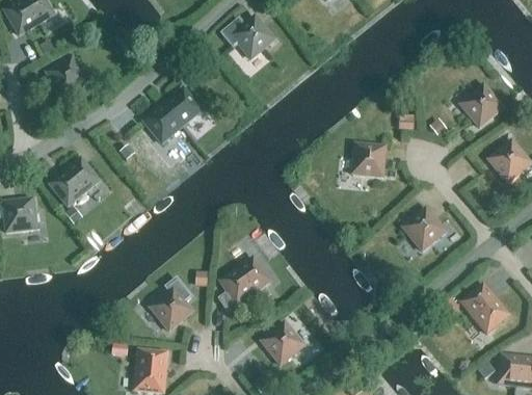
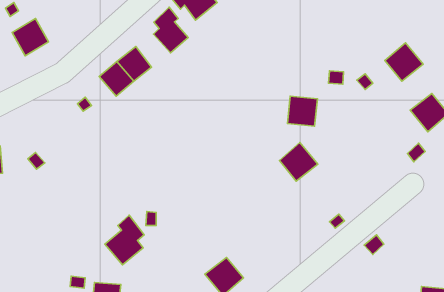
building: none -> [153,7,188,53]
building: [49,158,98,206] -> none
building: [402,208,445,251] -> [279,143,318,181]
building: [216,258,268,311] -> none
building: [460,284,508,334] -> none

